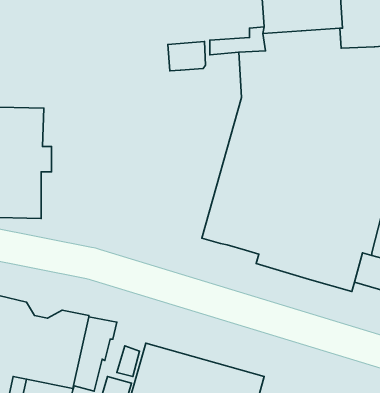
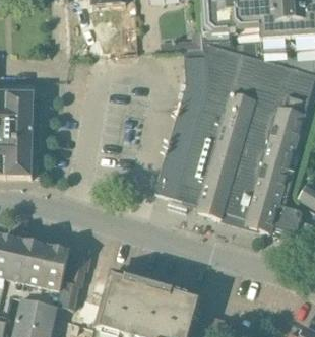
building: [168,41,206,71] -> none

